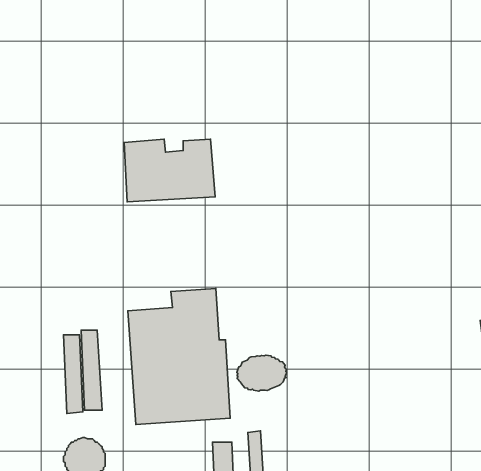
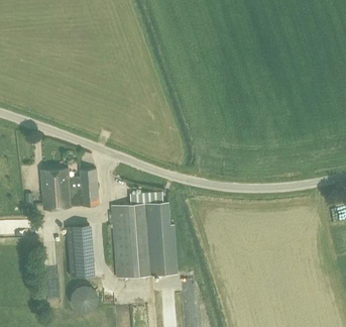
building: [124,139,215,202] -> [40,169,98,208]
building: [237,355,287,391] -> none

